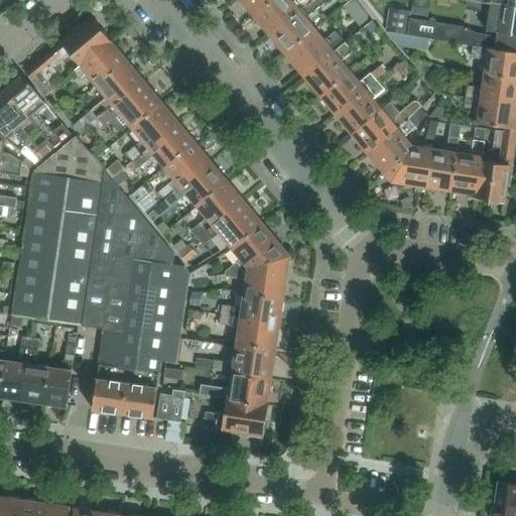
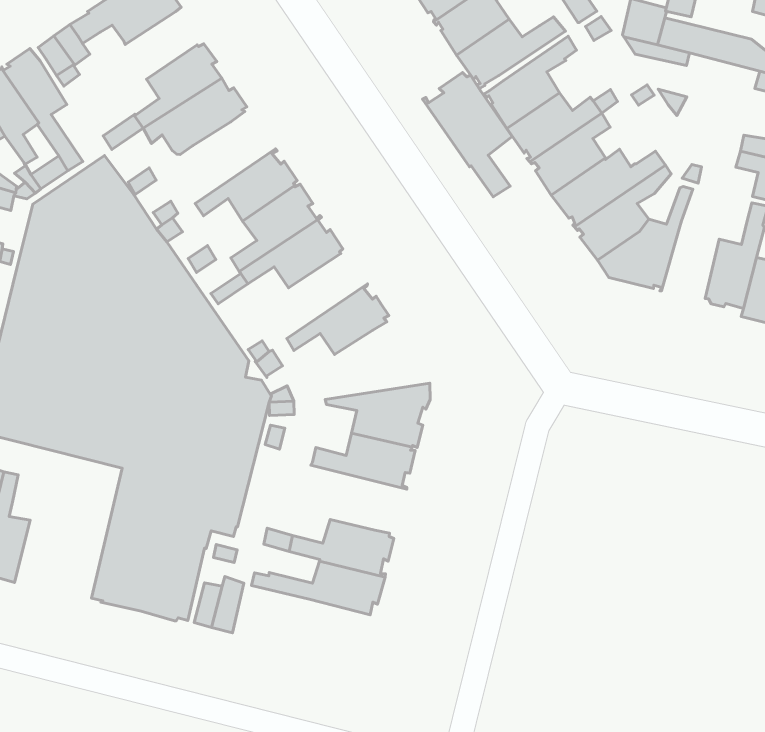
building: [74,44,127,88] -> none
building: none -> [422,72,512,197]
building: [126,105,179,161] -> none
building: [425,124,461,190] -> none
building: [190,182,244,239] -> none
building: [224,225,288,274] -> none
building: [219,315,280,349] -> none
building: [44,343,76,407] -> none
building: [204,398,268,435] -> none

